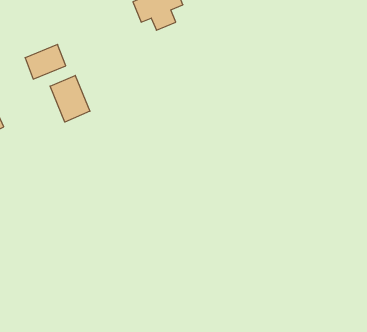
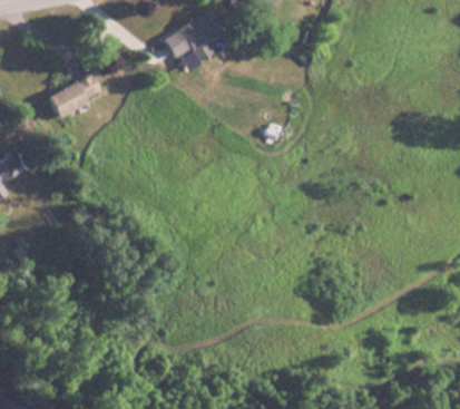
building: [50,75,90,122] -> none

